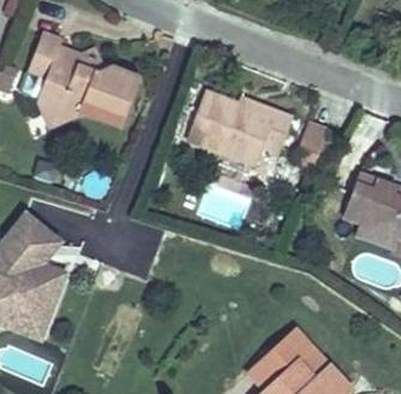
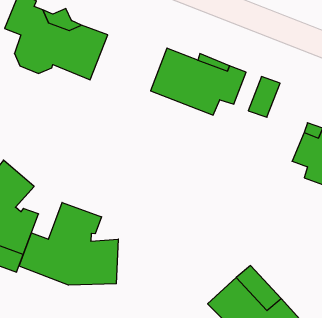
building: none -> [19,202,118,285]

